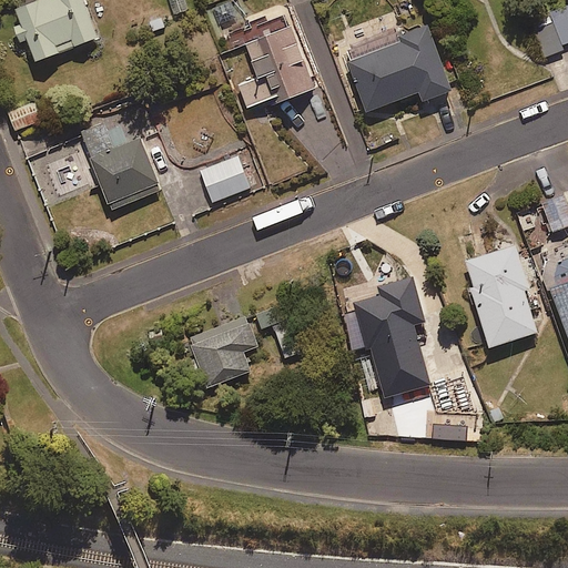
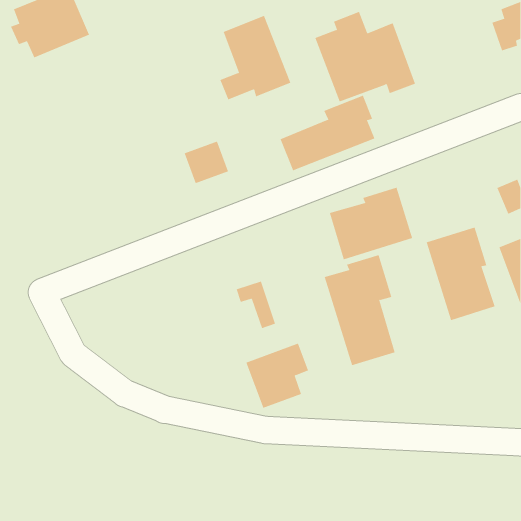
building: none -> [280,95,375,171]
building: [80,122,161,210] -> none
building: none -> [329,187,413,260]
building: [190,316,258,387] -> [246,343,309,408]

